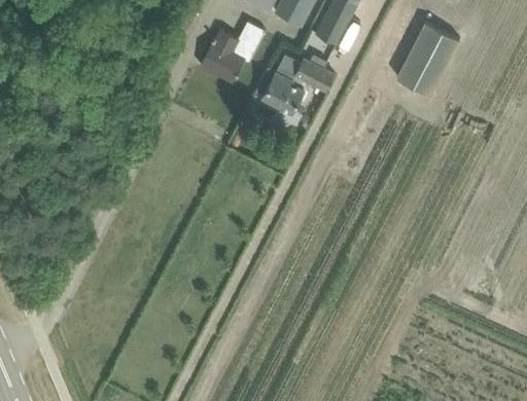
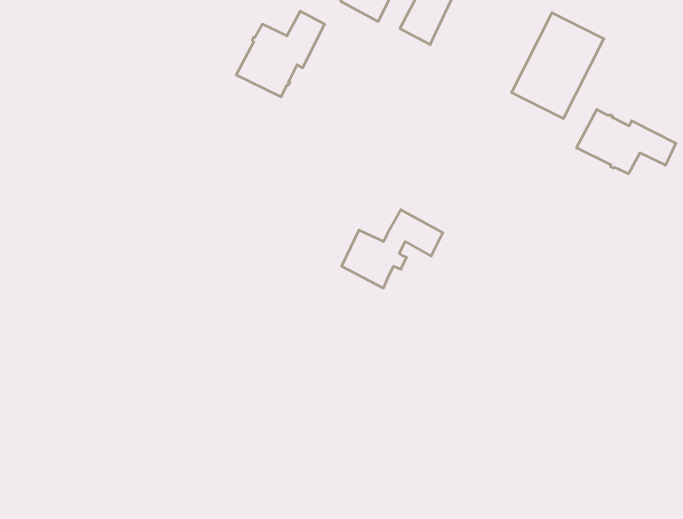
building: [261,58,333,113] -> [342,210,443,288]
building: none -> [577,109,676,174]

